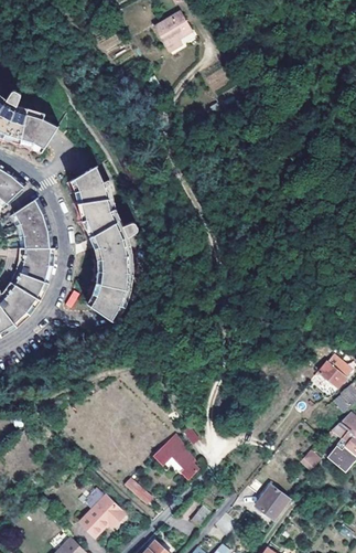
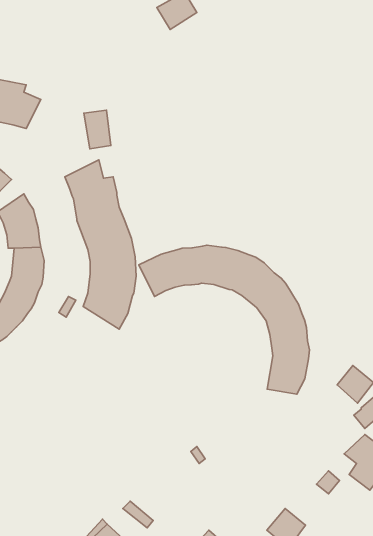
building: none -> [84,110,111,149]
building: none -> [139,245,309,394]
building: [154,435,199,479] -> none

